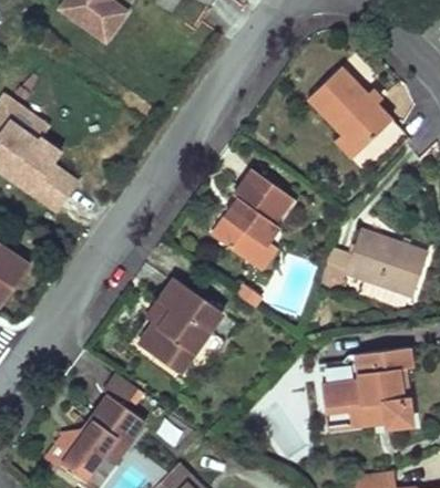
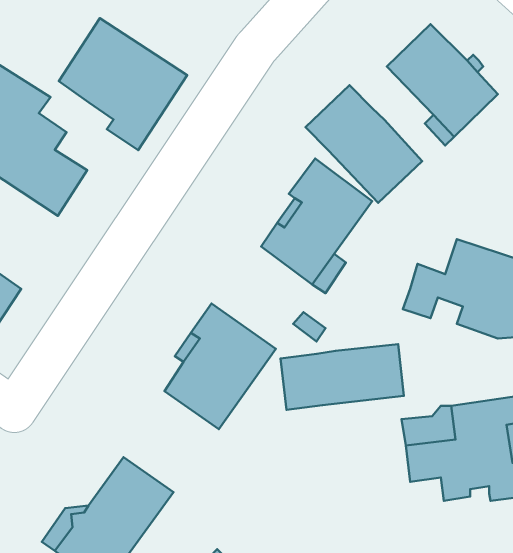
building: none -> [59,18,187,150]
building: none -> [305,85,422,203]
building: none -> [281,344,404,410]

